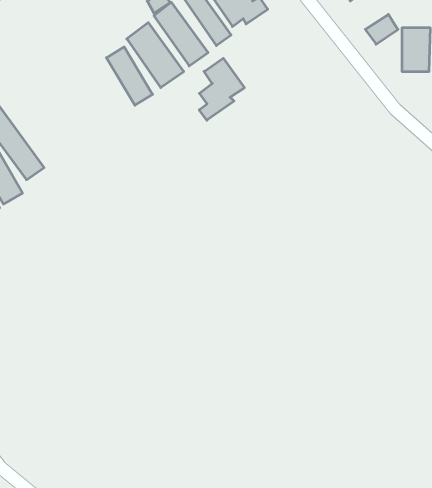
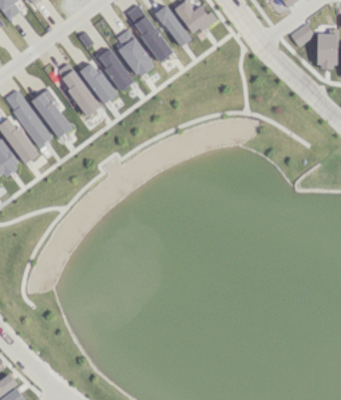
building: [199,58,244,120] -> none
building: none -> [79,61,117,104]
building: none -> [60,70,100,116]
building: none -> [31,88,72,138]

